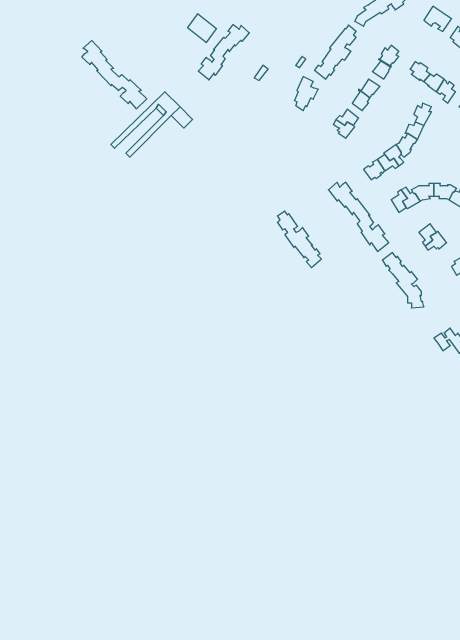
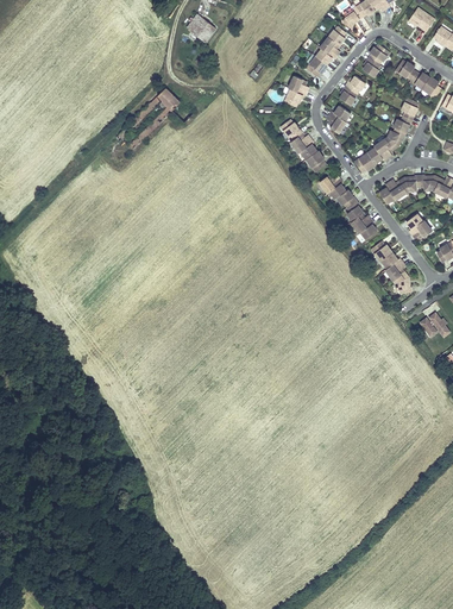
building: [198,25,249,80] -> none
building: [82,41,147,109] -> none
building: [277,211,321,268] -> [284,118,326,171]

